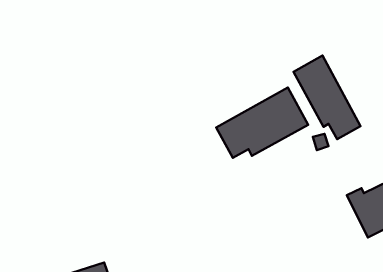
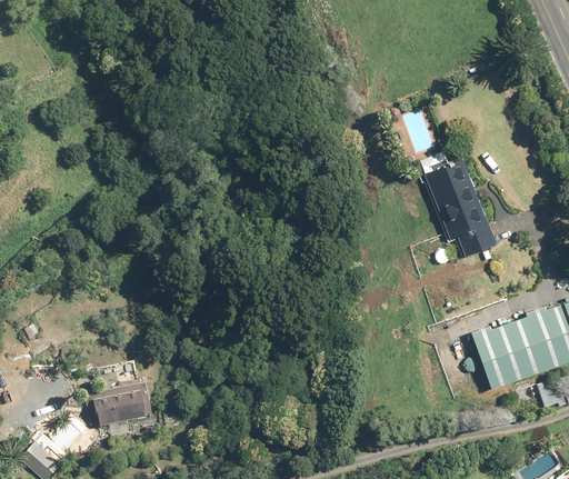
building: [216,87,308,158] -> none

